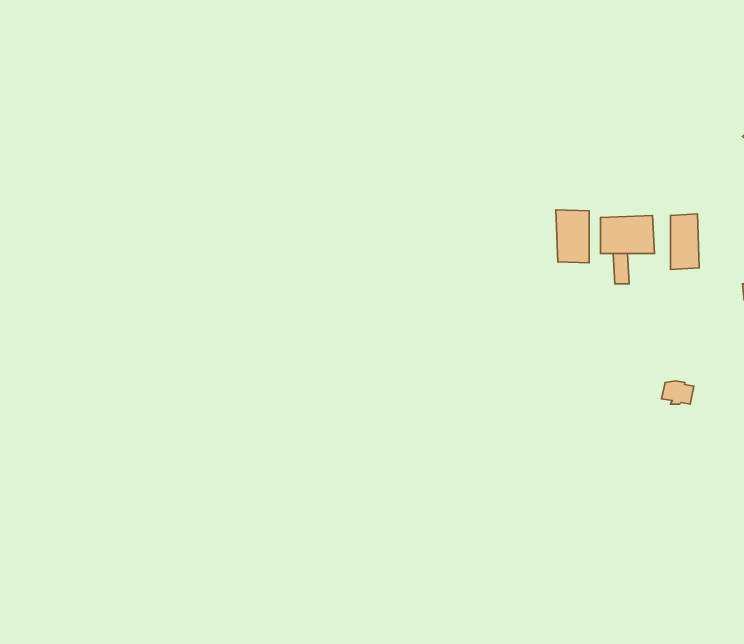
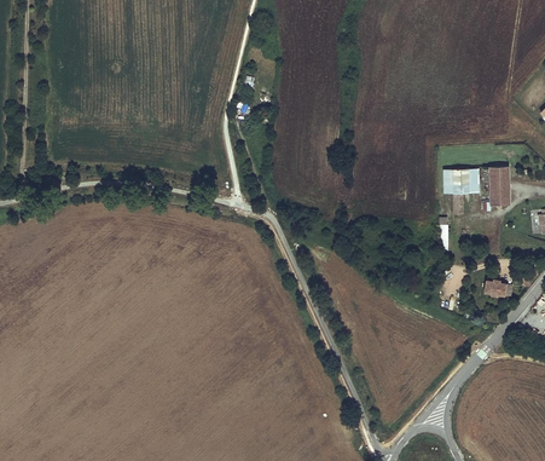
building: [556,210,589,263] -> none

